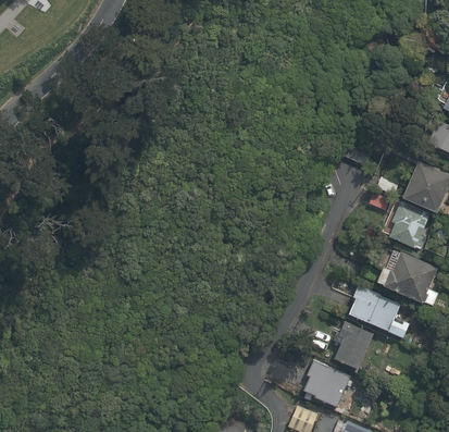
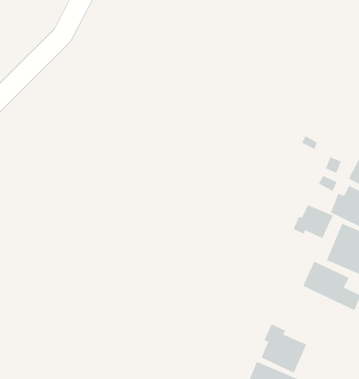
building: none -> [293,204,334,239]
building: [332,322,373,371] -> none

